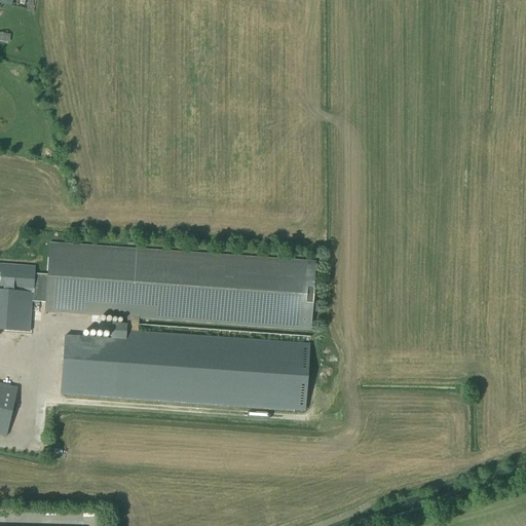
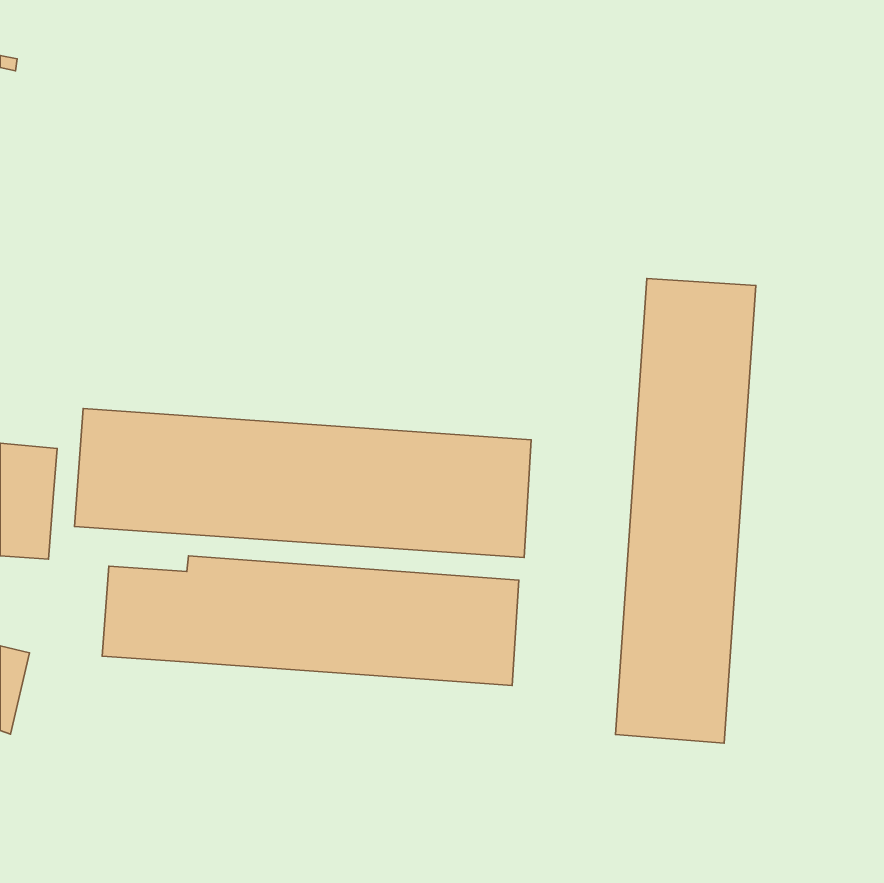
building: none -> [615,278,756,743]

